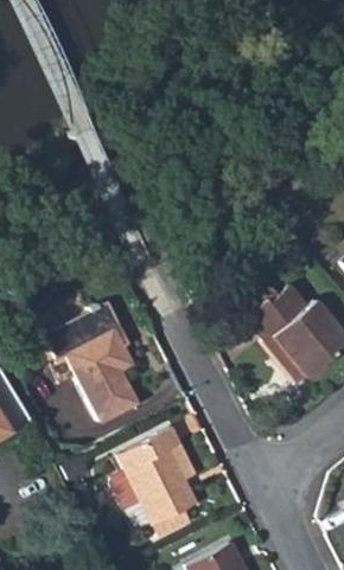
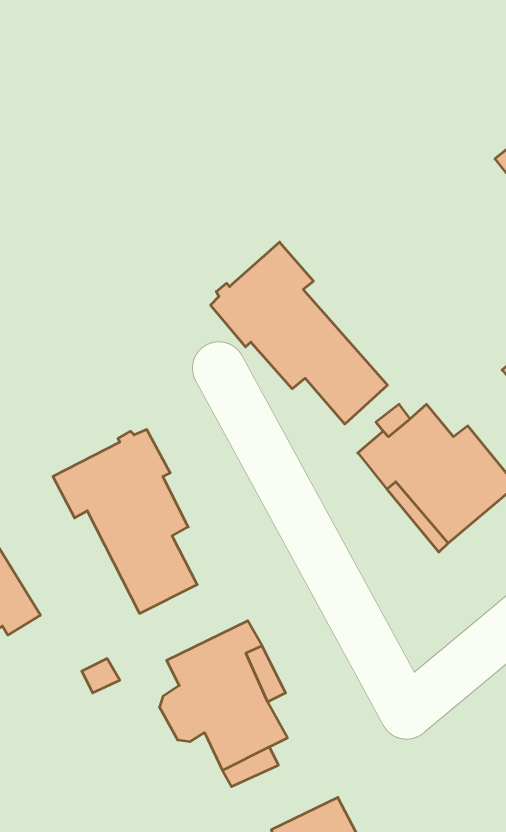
building: none -> [211,242,387,424]

